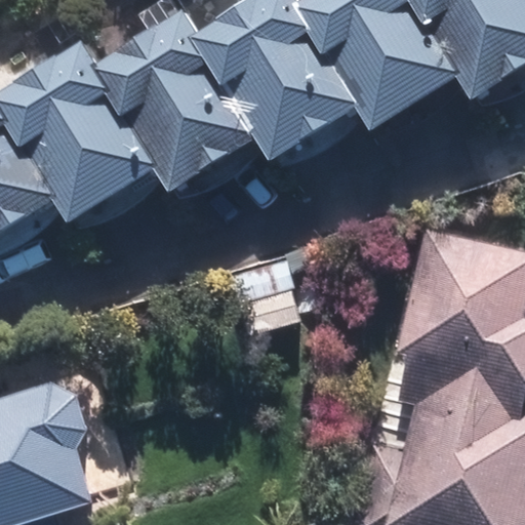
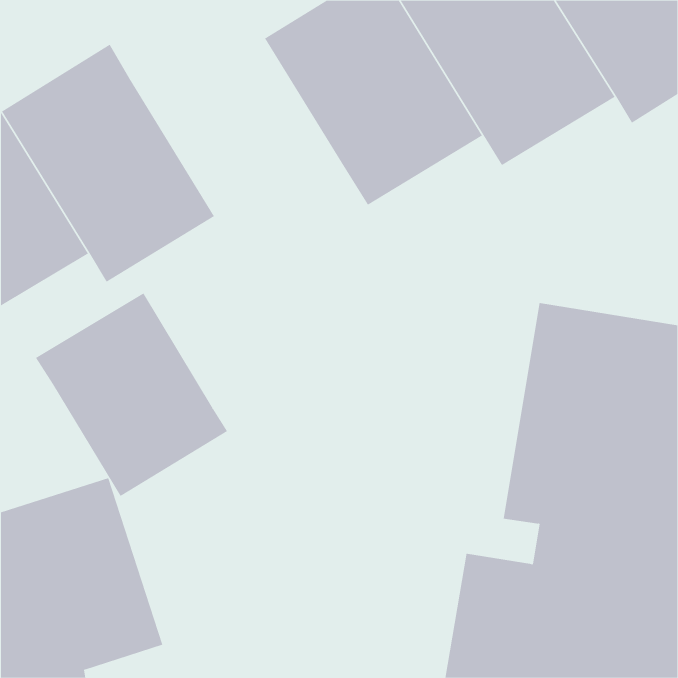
building: [100,6,266,184] -> none
building: none -> [35,292,228,497]

